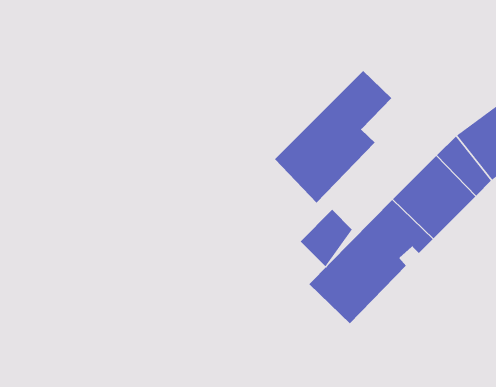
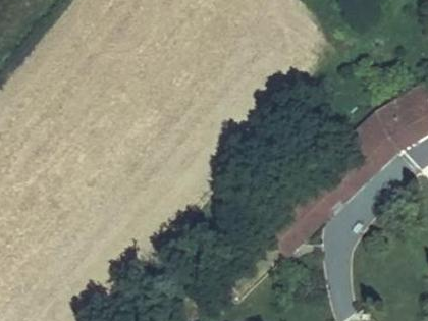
building: [274,70,392,204] -> none
building: [300,209,352,267] -> none

